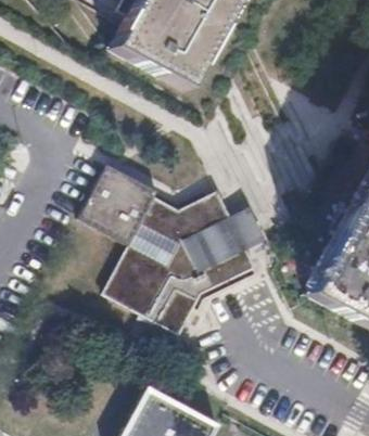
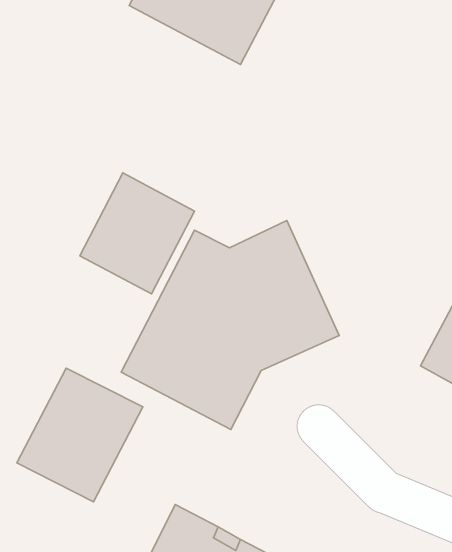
building: none -> [17,368,143,502]

